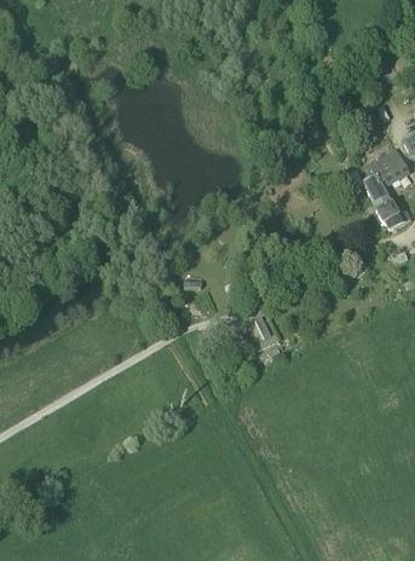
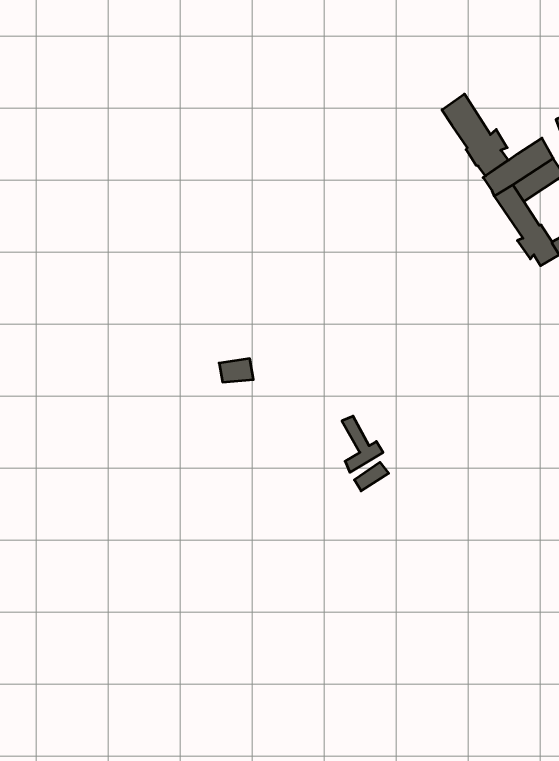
building: none -> [442,94,508,176]

